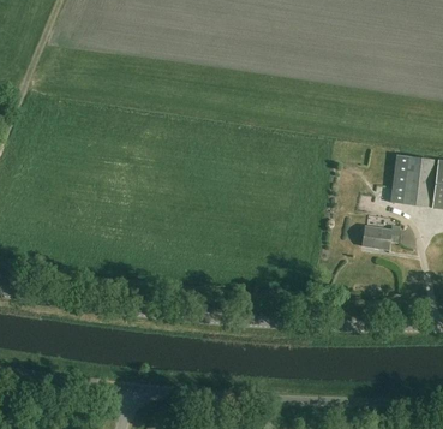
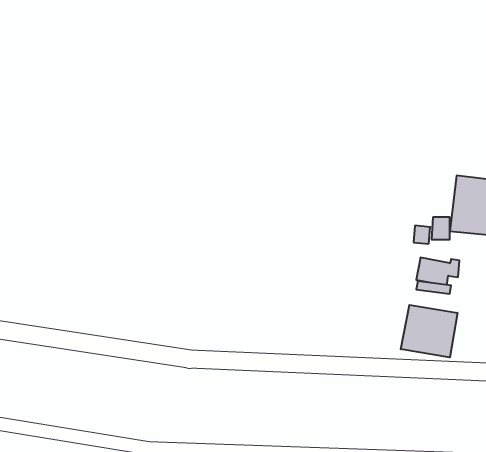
building: none -> [401,305,457,357]

